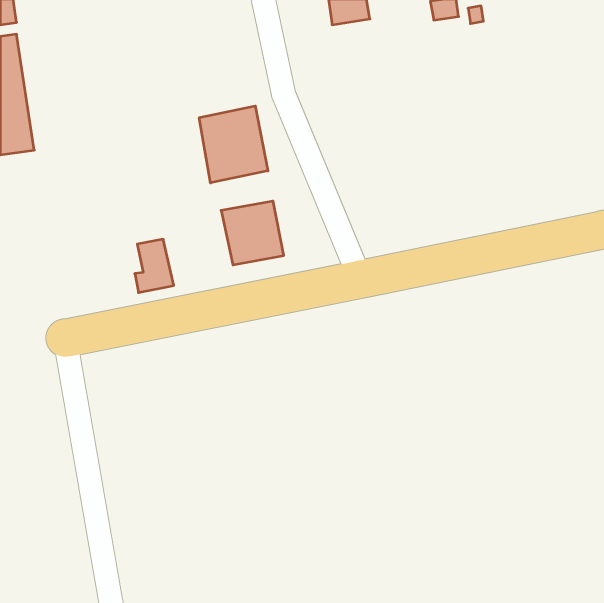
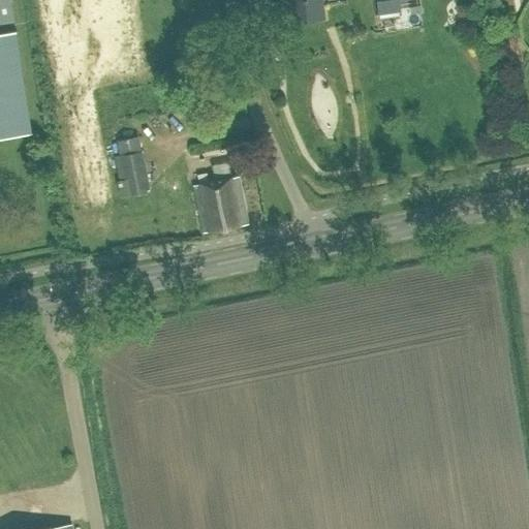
building: [199,106,268,183] -> none
building: [135,239,174,293] -> [117,150,151,196]

